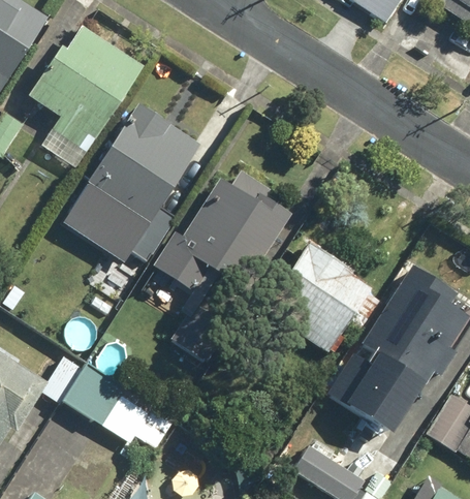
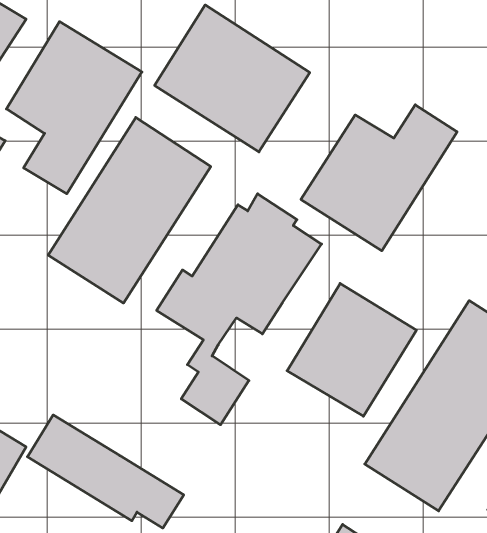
building: none -> [155,5,310,152]
building: none -> [301,105,457,251]

